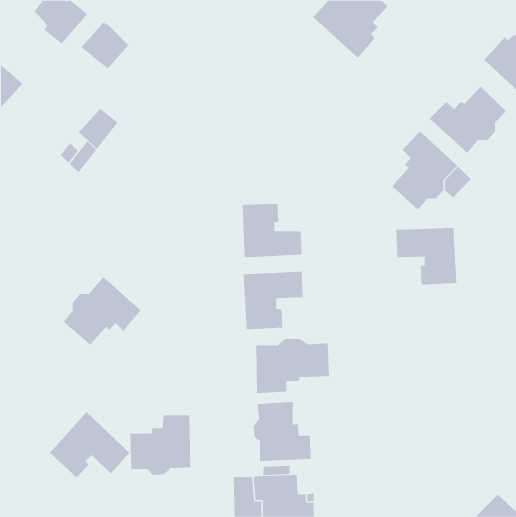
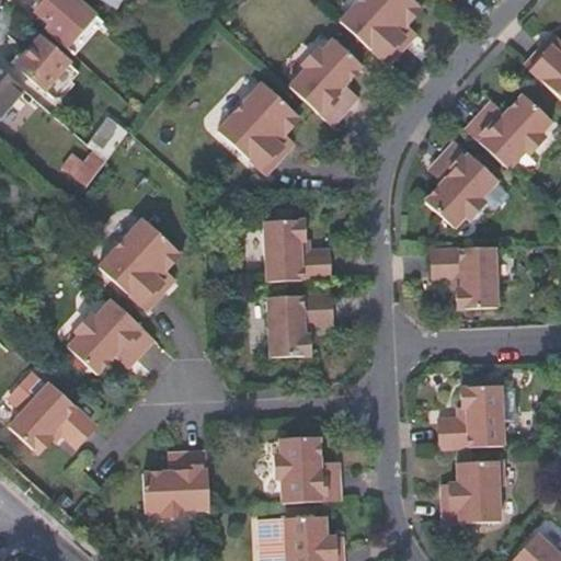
building: [81,22,129,69] -> [16,41,69,92]
building: none -> [288,37,359,124]
building: none -> [218,81,300,172]
building: none -> [100,215,182,309]
building: [256,338,330,394] -> none
building: none -> [438,385,504,447]
building: [49,411,130,478] -> [9,380,96,453]
building: none -> [443,460,505,524]

